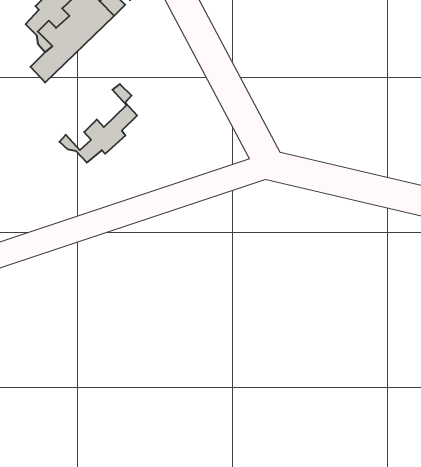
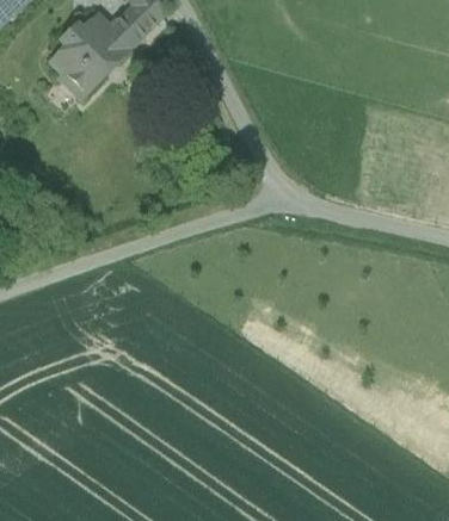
building: [59,84,137,163] -> none

